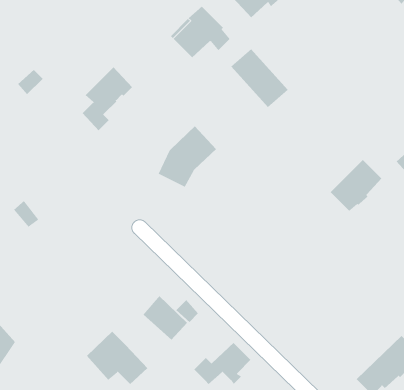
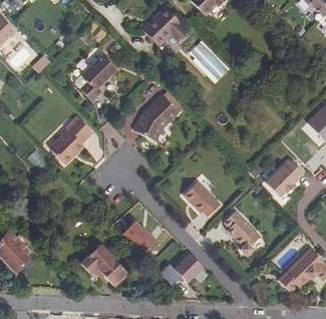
building: none -> [50,116,93,164]
building: [330,159,382,212] -> [265,156,303,195]
building: none -> [182,179,219,214]
building: none -> [223,210,258,255]

